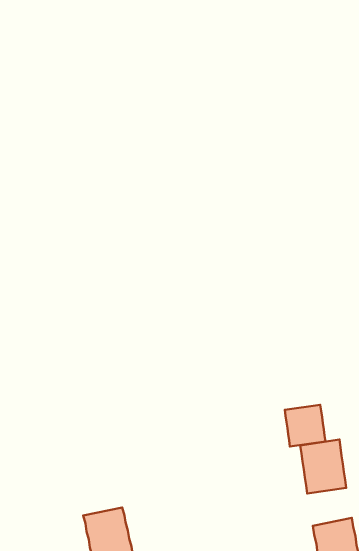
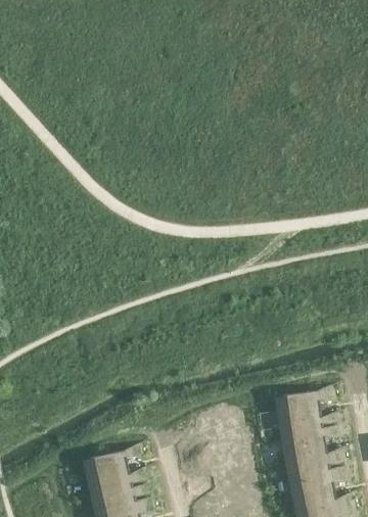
building: [285,405,326,447] -> none
building: none -> [285,435,325,469]

